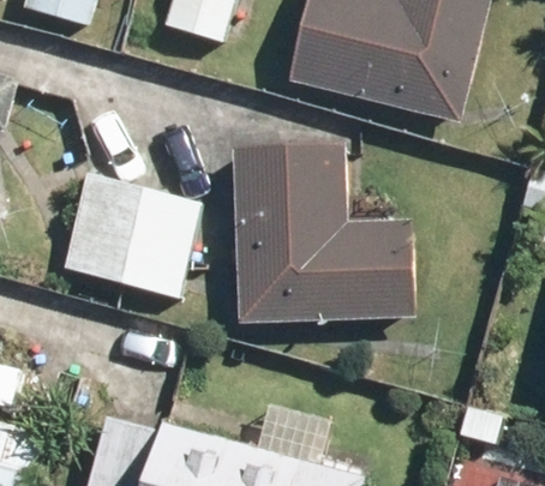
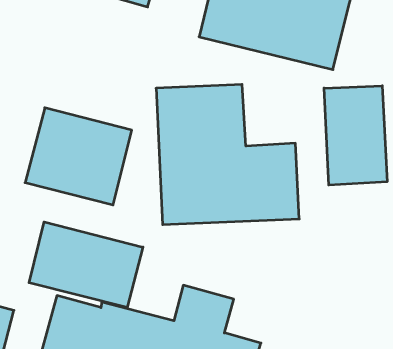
building: none -> [324,86,387,185]
building: none -> [29,222,143,307]

